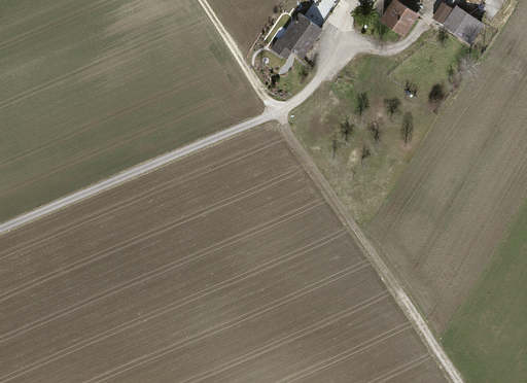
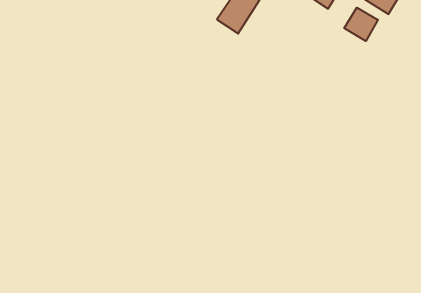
building: none -> [344,8,378,41]

